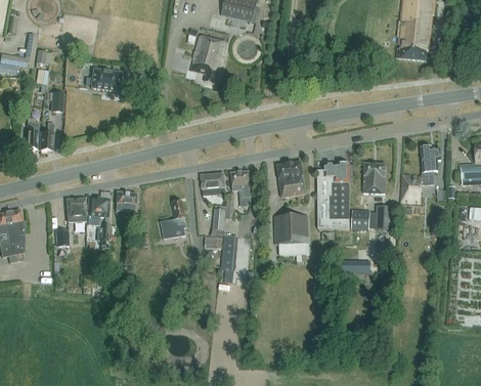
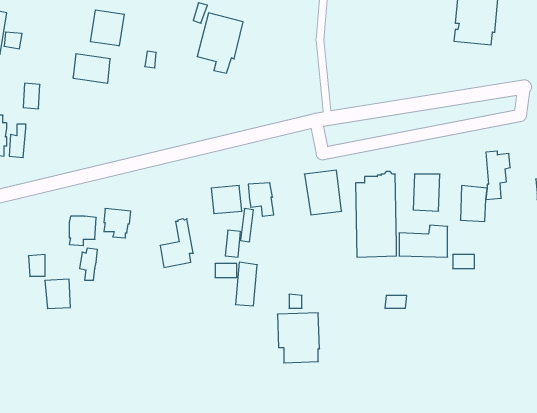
building: none -> [90,10,124,46]
building: [65,198,86,221] -> [45,279,70,309]
building: [274,215,308,255] -> [277,313,320,363]

